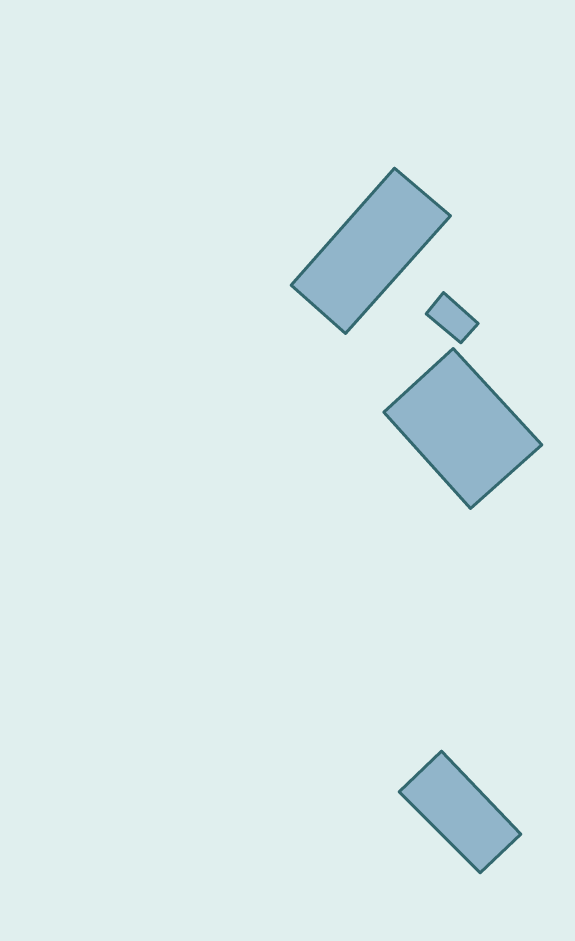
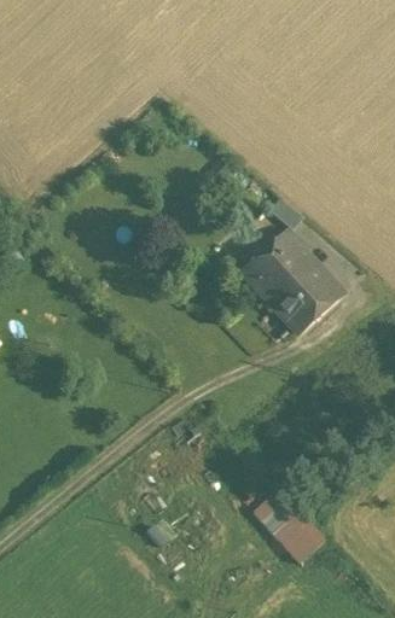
building: [291,168,450,334] -> none

